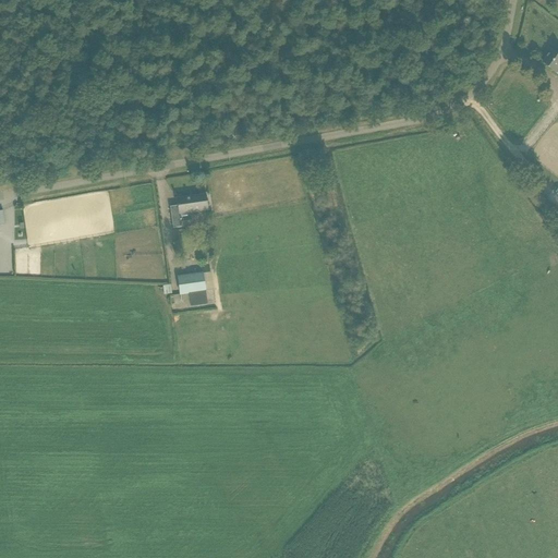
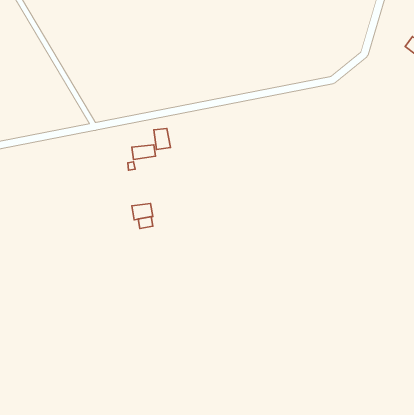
building: none -> [154,128,170,149]

